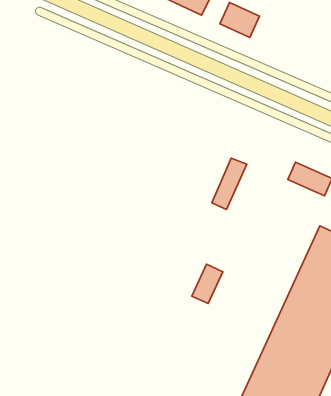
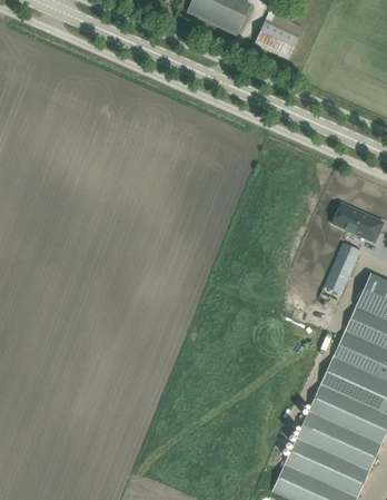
building: [212,158,247,209] -> [321,242,361,301]
building: [192,264,223,304] -> none

